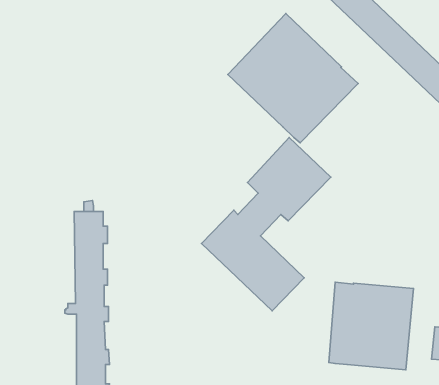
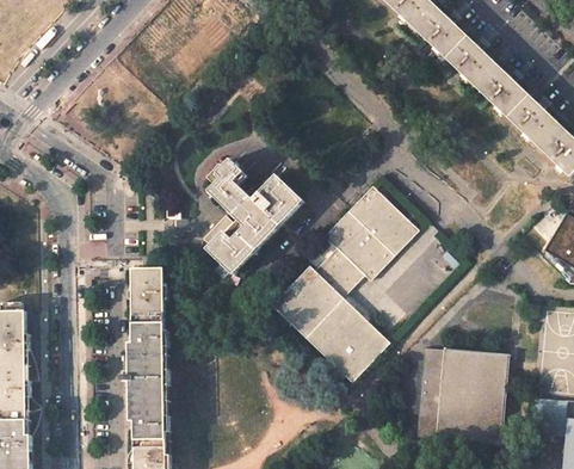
building: [228,14,358,143] -> none
building: none -> [204,158,303,273]

